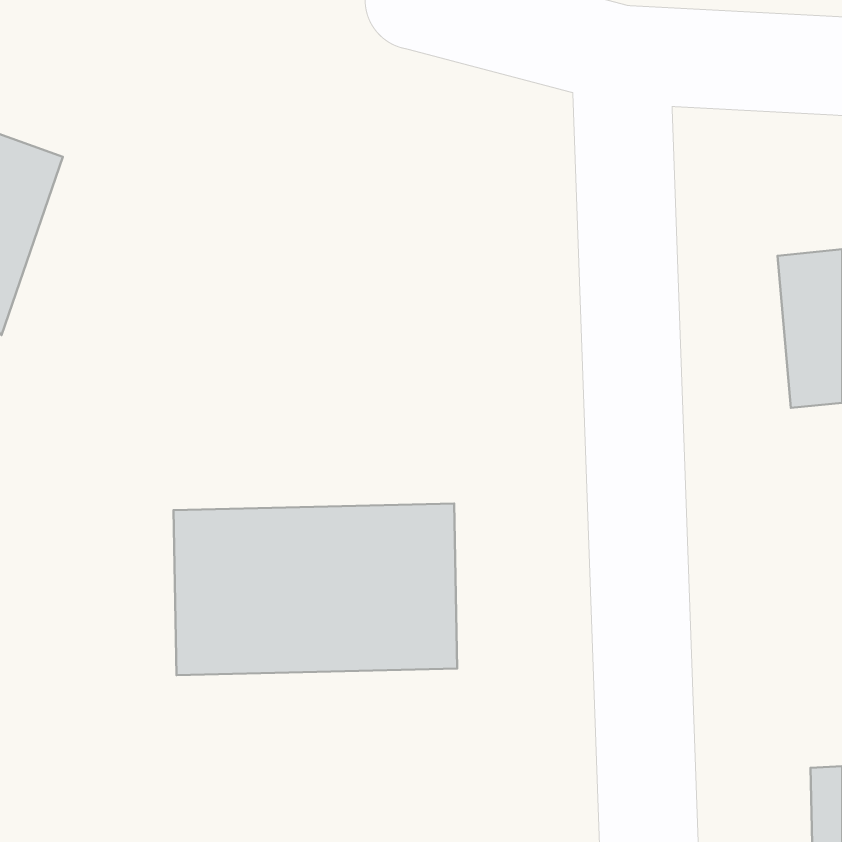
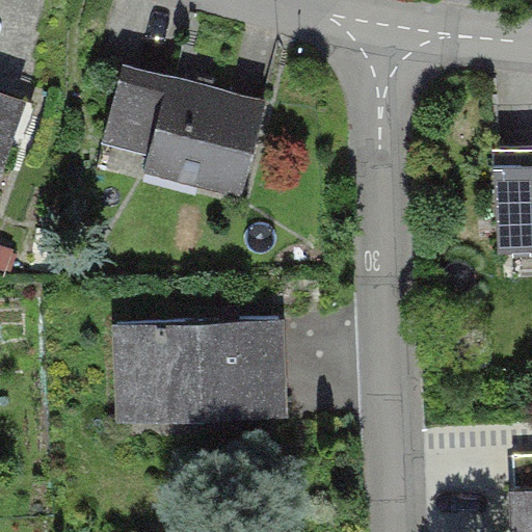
building: none -> [96,68,271,191]

